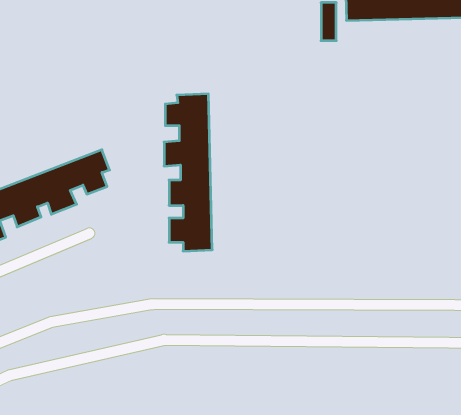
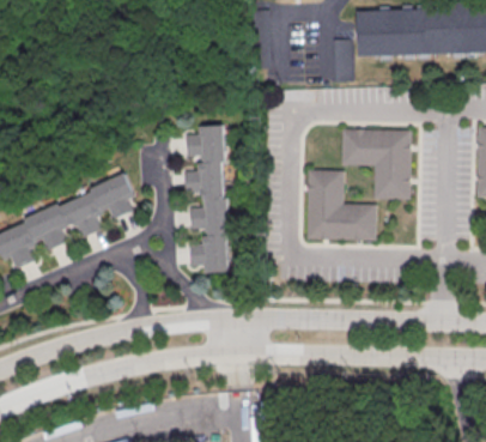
building: none -> [340,132,411,202]
building: none -> [305,172,376,243]

